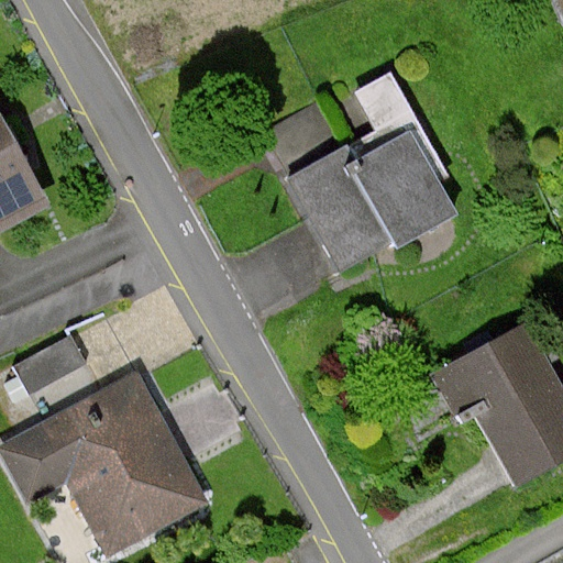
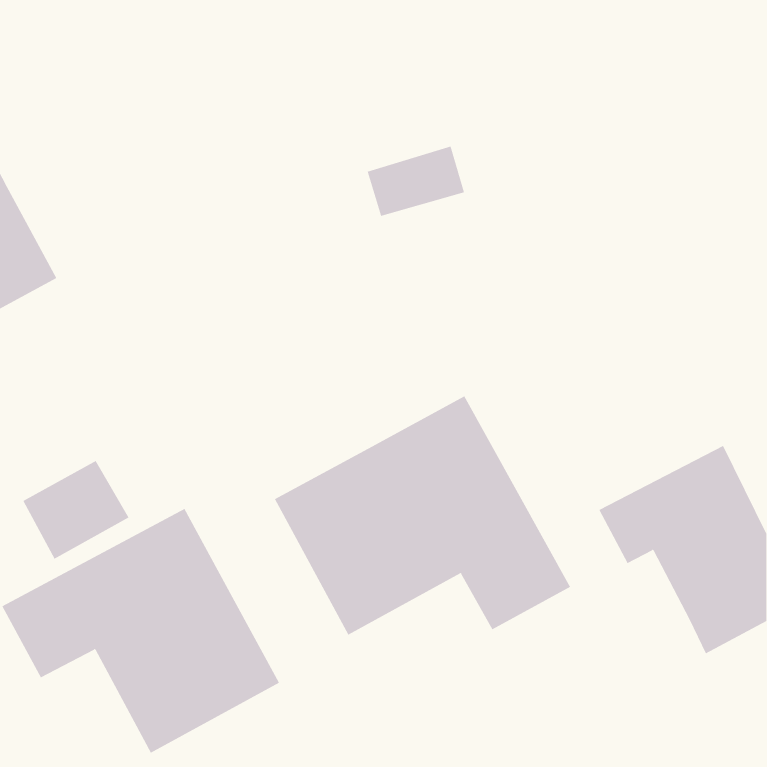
building: [286,136,451,273] -> none
building: none -> [274,396,571,636]

